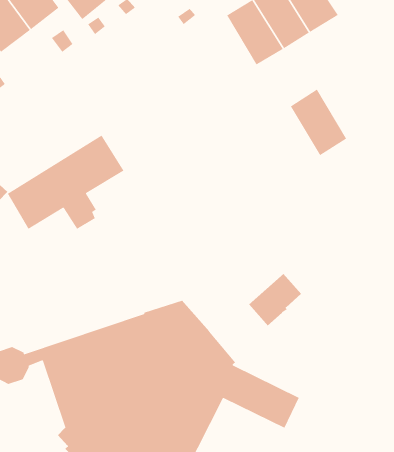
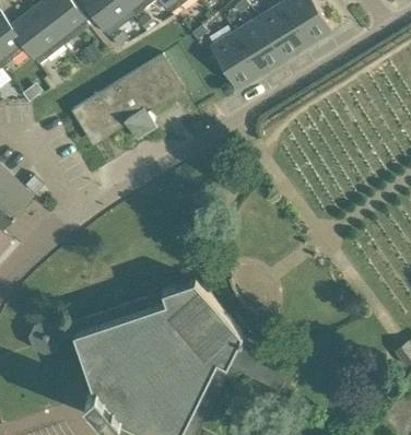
building: [290,89,347,156] -> [209,32,259,91]
building: [7,135,125,230] -> [74,57,177,140]
building: [248,273,302,327] -> none

